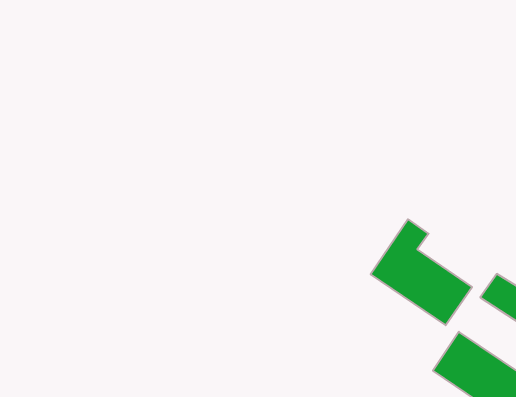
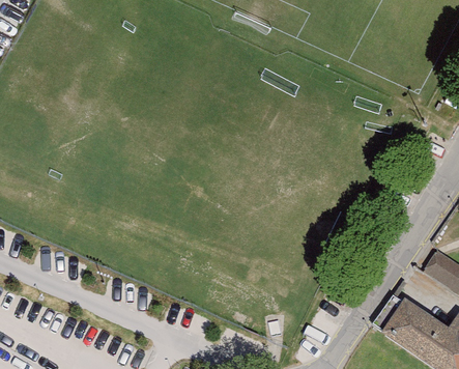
building: [371,219,472,325] -> none

